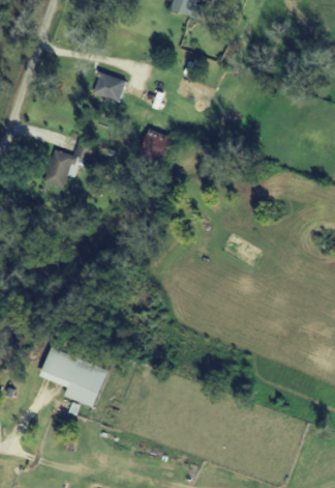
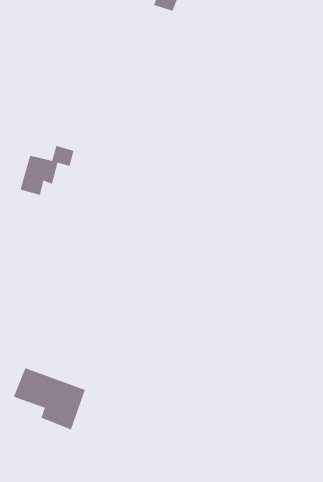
building: [93,71,126,102] -> none
building: [138,128,171,162] -> none

